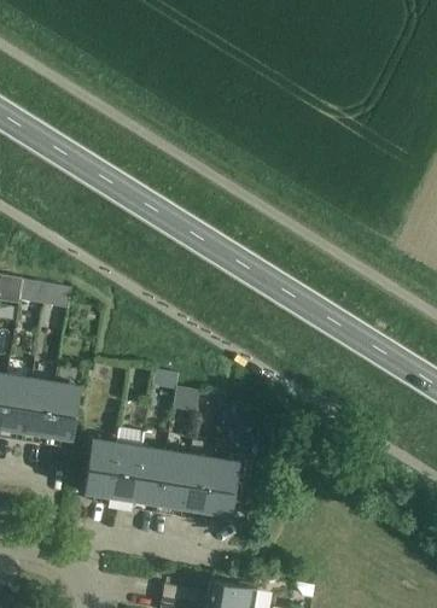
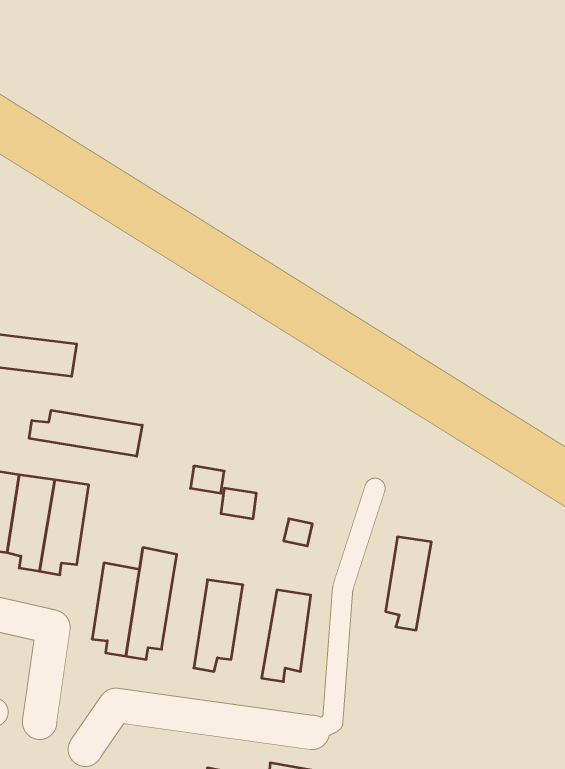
building: none -> [29,410,142,456]
building: [133,448,165,514] -> none
building: [182,455,215,521] -> [386,537,431,630]

